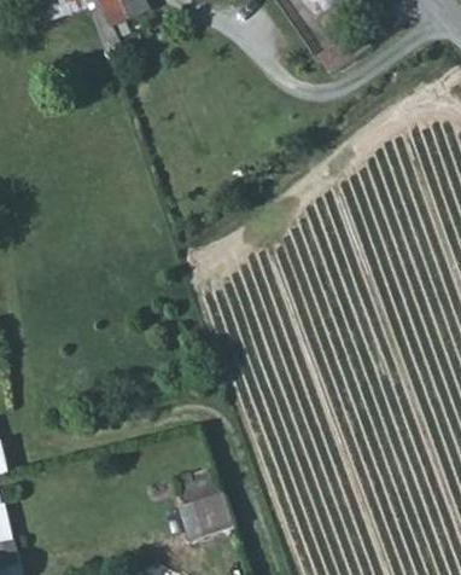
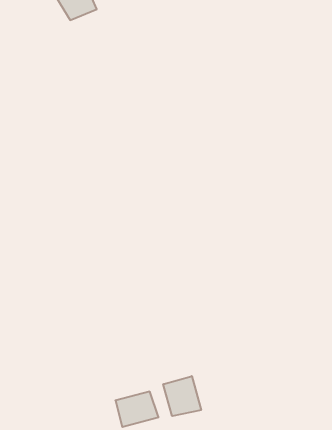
building: none -> [163,376,201,416]

